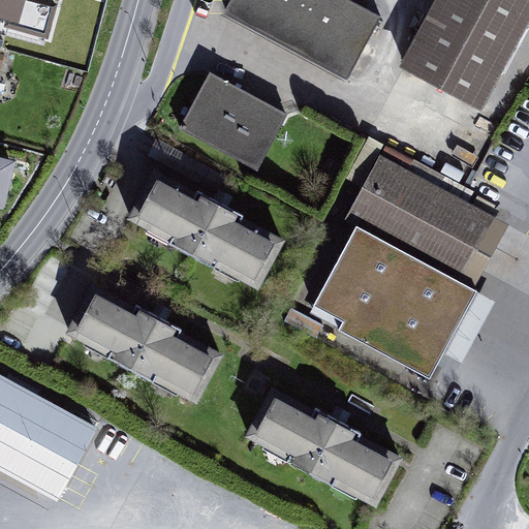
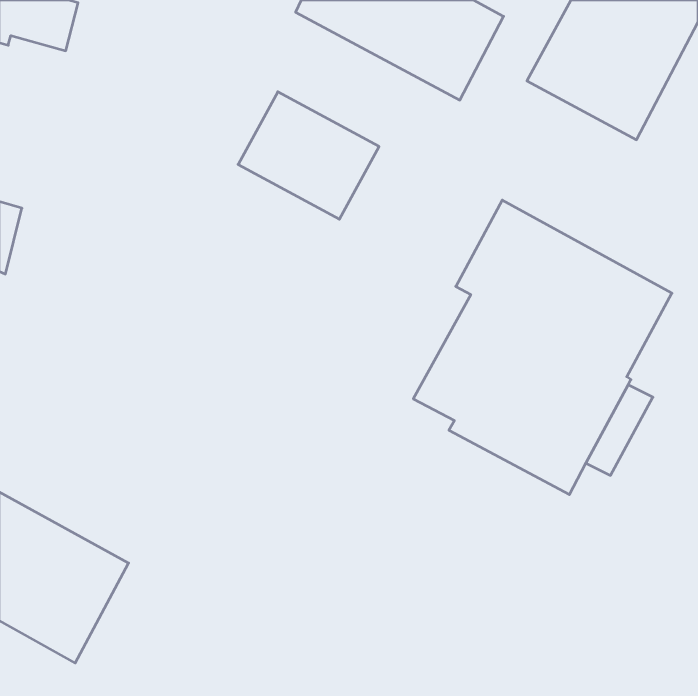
building: [126,167,285,288] -> none
building: [64,281,222,402] -> none
building: [245,385,402,506] -> none

